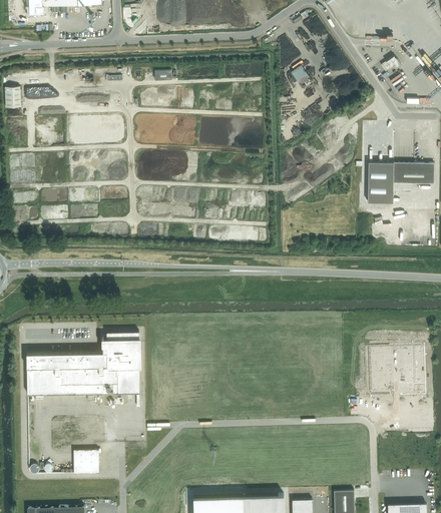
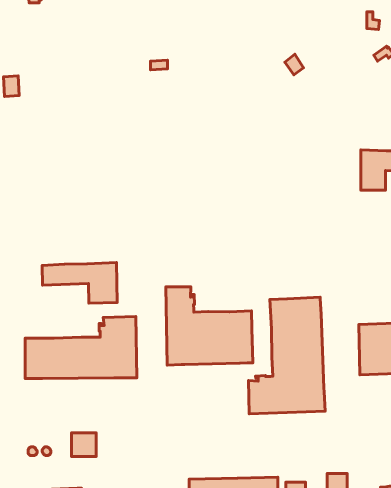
building: none -> [42,262,117,303]
building: none -> [166,287,253,365]
building: none -> [248,297,325,414]

